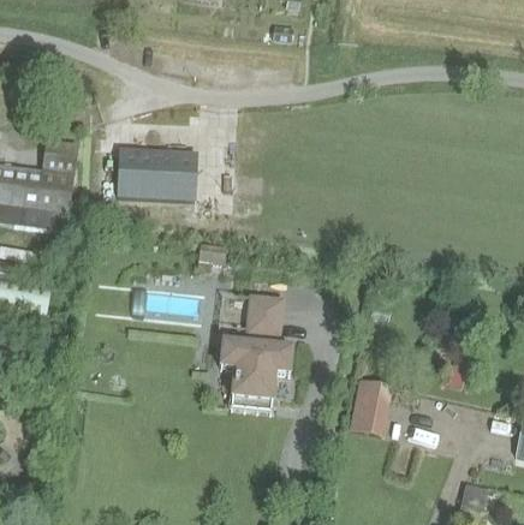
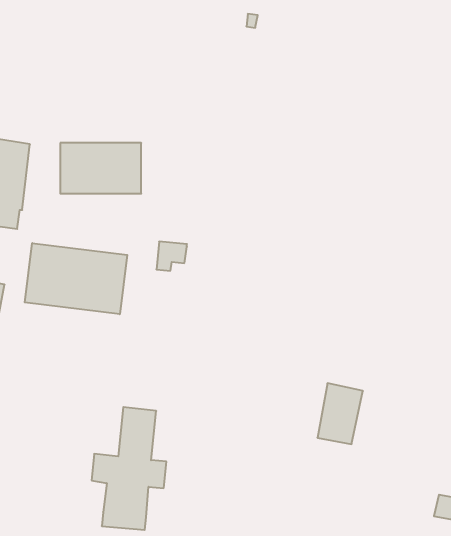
building: none -> [25,243,127,314]
building: [221,296,292,412] -> [92,407,166,530]

